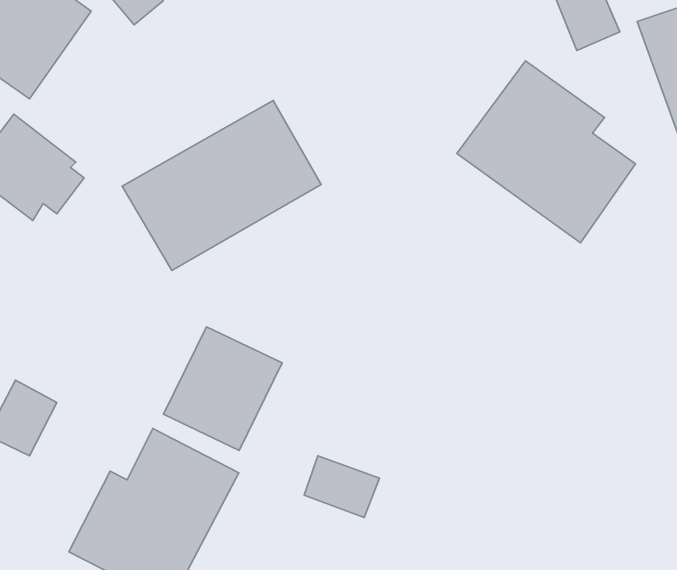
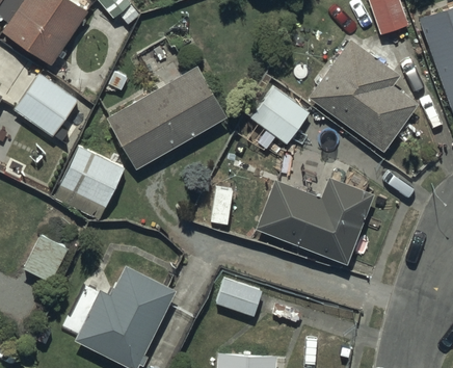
building: none -> [251,89,308,154]
building: none -> [256,177,373,263]
building: [164,327,282,450] -> [52,147,124,221]

